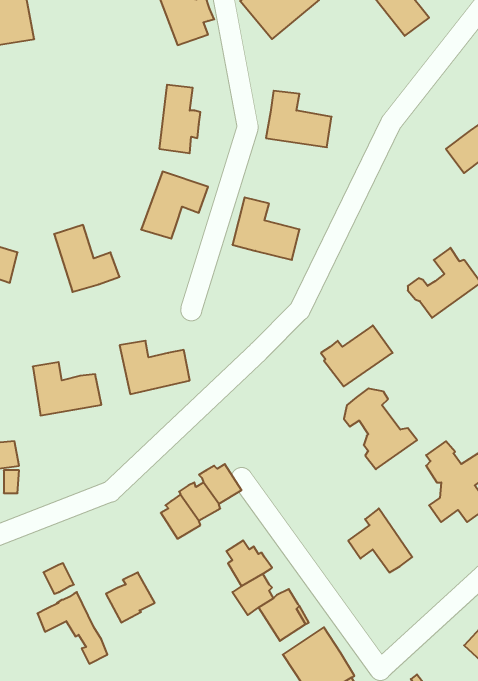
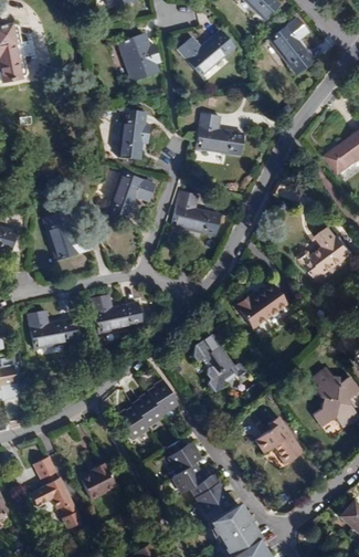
building: [344,388,417,469] -> [192,334,245,392]

